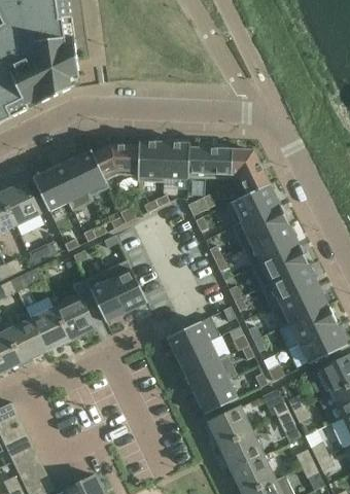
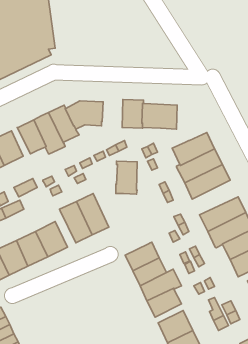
building: [137,141,164,182] -> [116,161,137,194]
building: [231,149,269,196] -> none
building: [250,243,308,286] -> none

